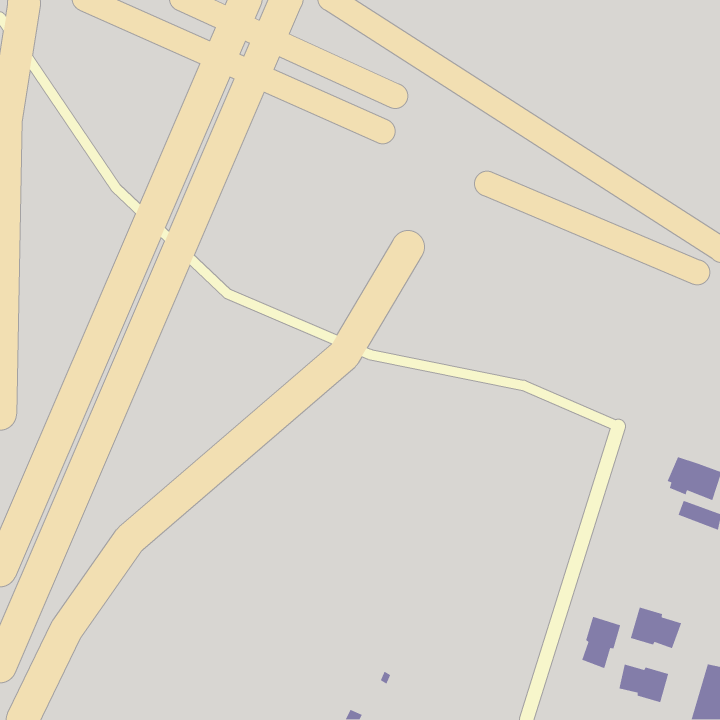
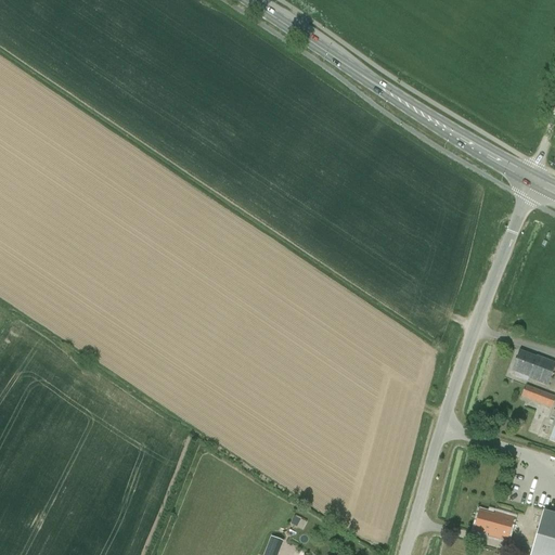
building: [630,607,682,649] -> none
building: [581,616,621,669] -> none

